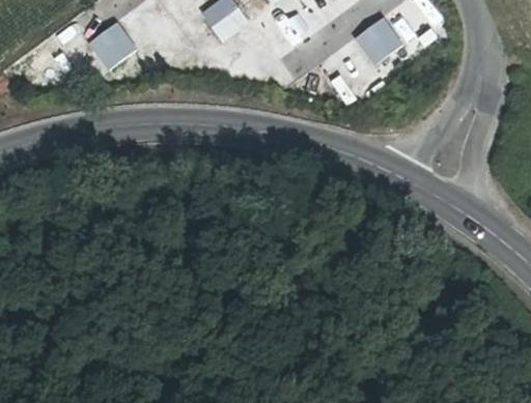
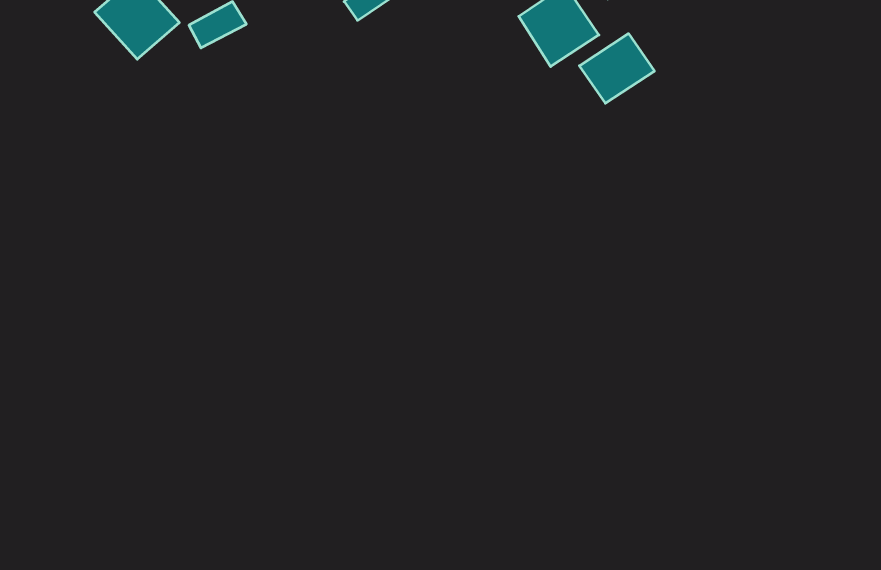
building: none -> [579,34,654,103]

